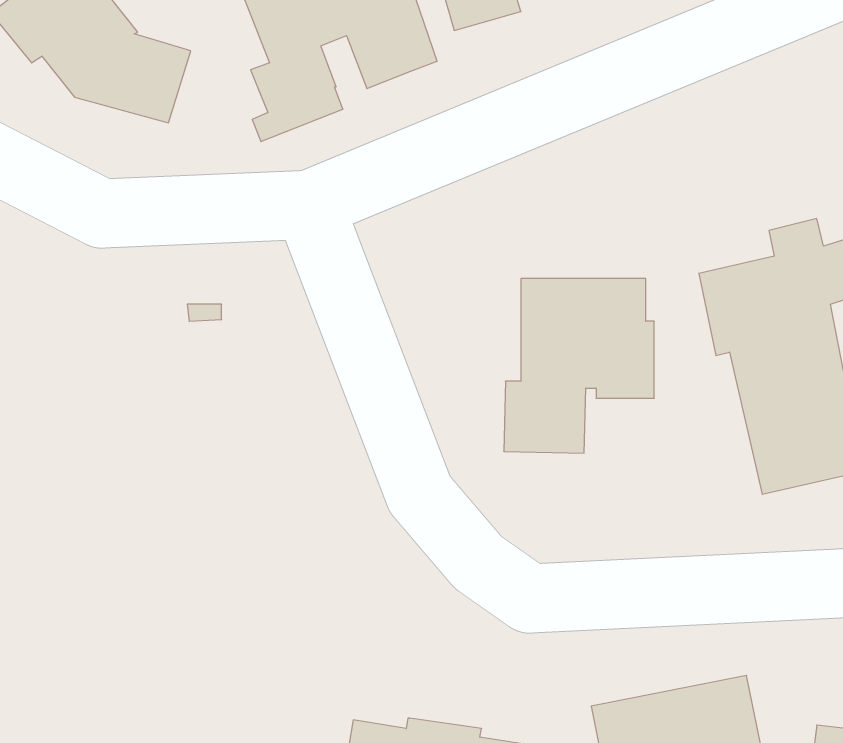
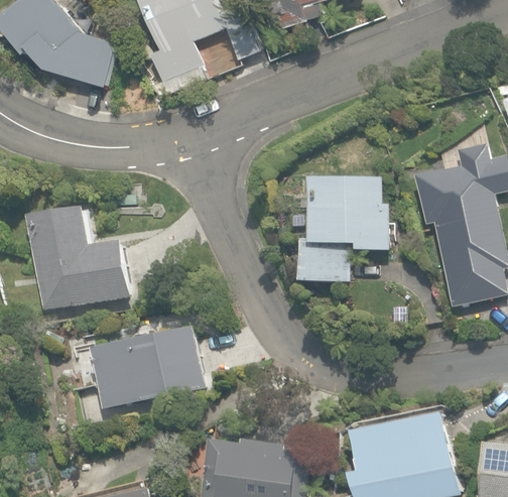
building: none -> [26,207,128,308]
building: none -> [69,326,207,408]

